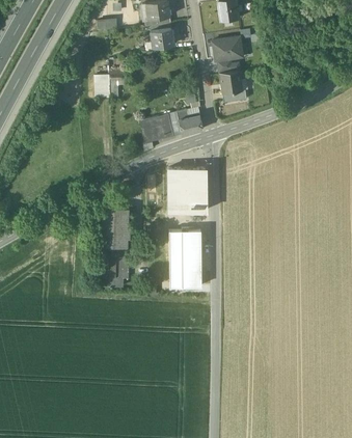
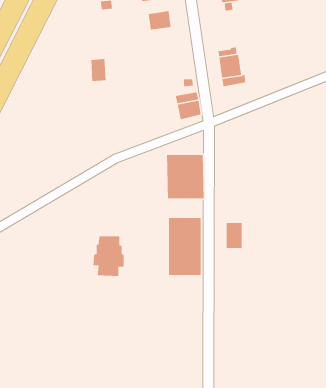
building: [213,37,244,61] -> none
building: [141,114,173,142] -> none
building: [100,207,129,247] -> none
building: none -> [226,222,243,249]

